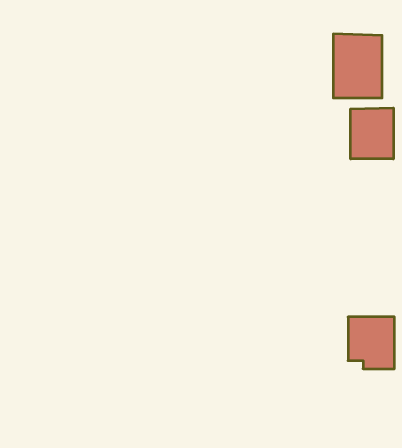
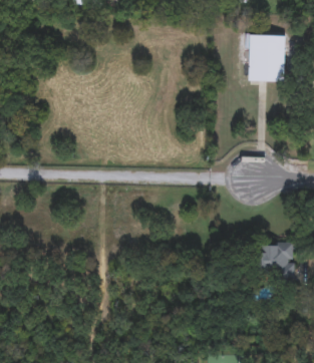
building: [351,108,393,159] -> none

